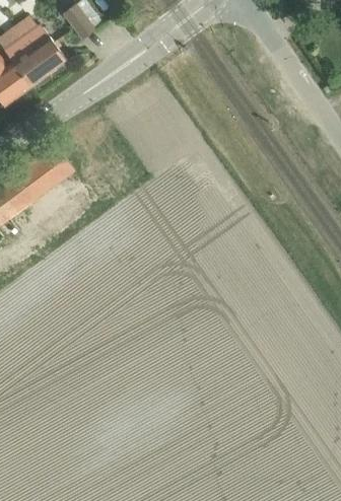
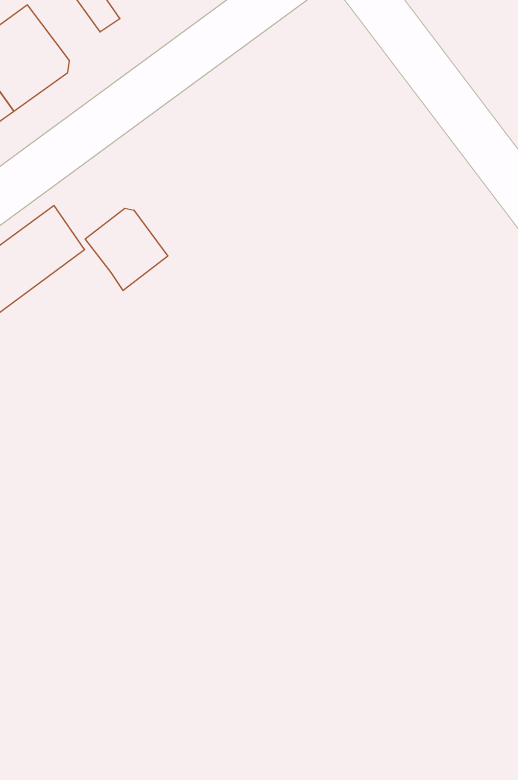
building: none -> [85,208,168,291]

